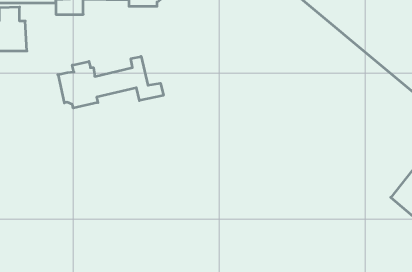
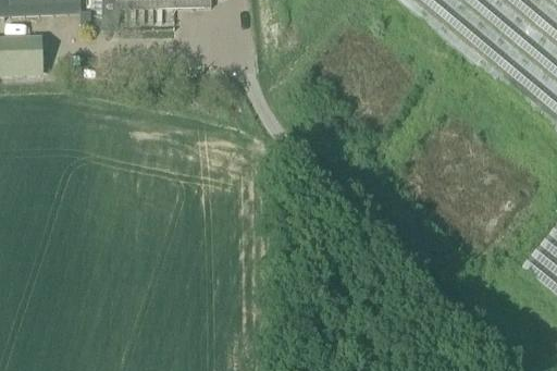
building: [58,56,163,108] -> none

